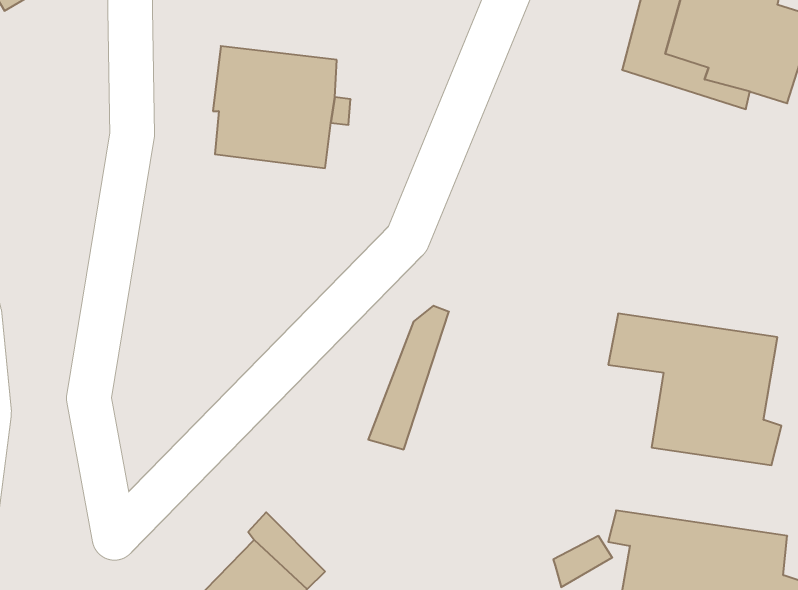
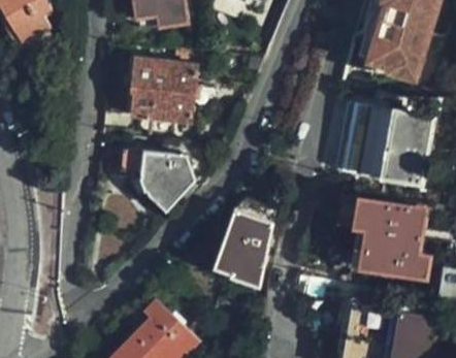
building: none -> [338,105,434,184]
building: none -> [126,151,195,211]
building: none -> [232,200,278,285]

